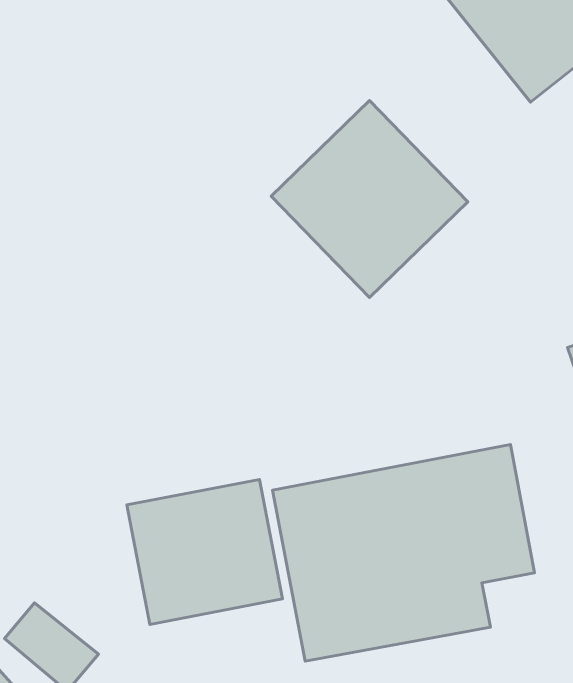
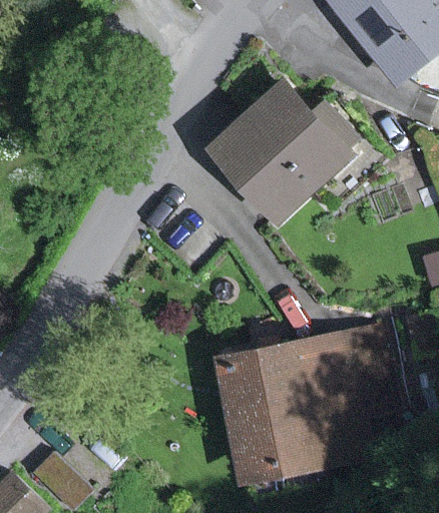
building: [127,479,282,624] -> none

